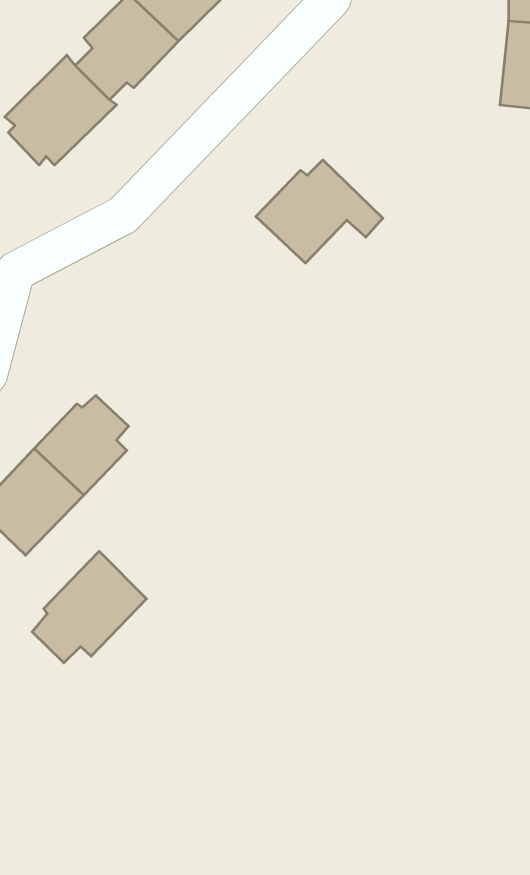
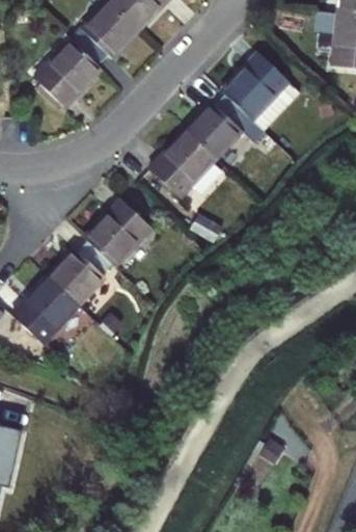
building: none -> [223,57,300,133]
building: none -> [152,132,217,197]
building: none -> [87,198,154,265]
building: [32,551,147,663] -> none

